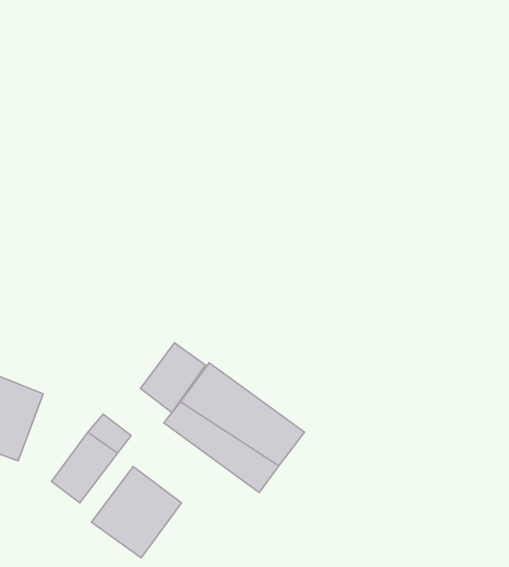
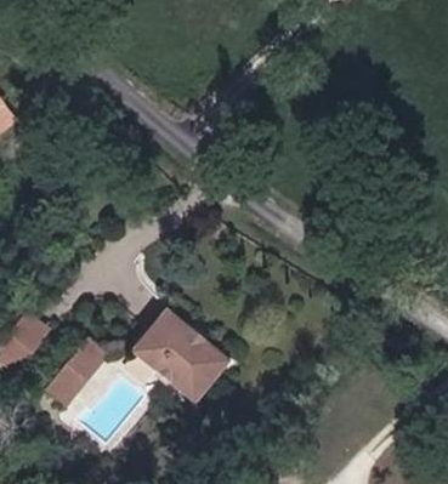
building: [141,343,205,413] -> none
building: [91,466,181,558] -> none

